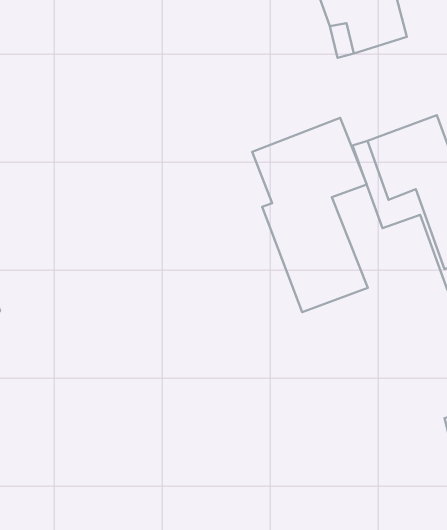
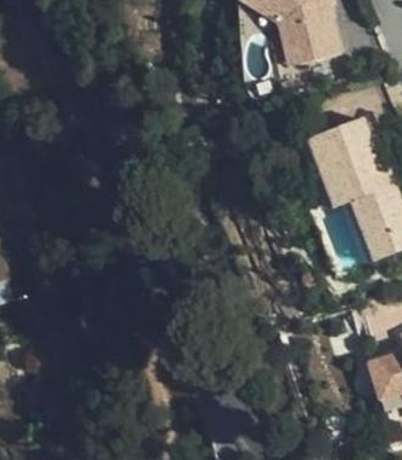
building: [252,118,368,312] -> none

